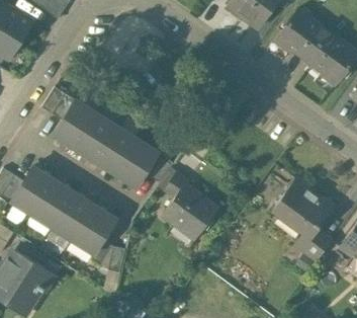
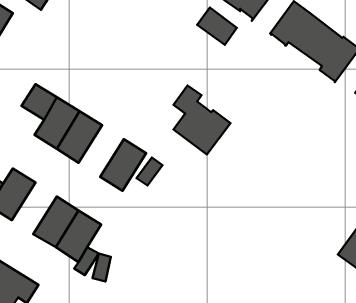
building: none -> [197,7,237,45]
building: [94,127,137,175] -> none
building: [164,173,217,238] -> [173,85,230,154]
building: [31,180,74,229] -> none
building: [272,180,333,260] -> none

